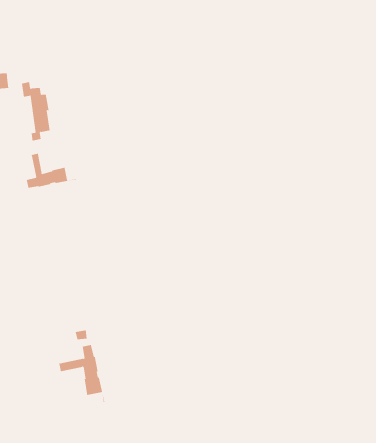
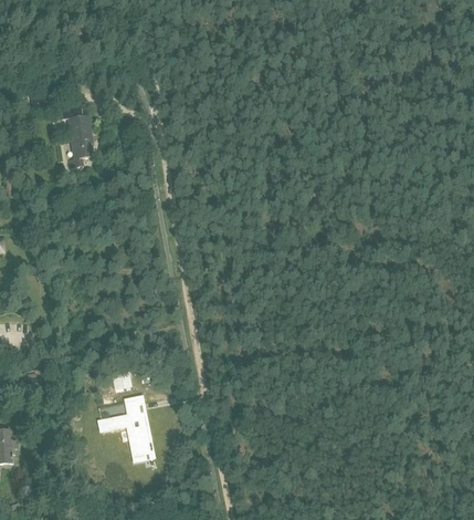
building: [21,153,76,188] -> none

